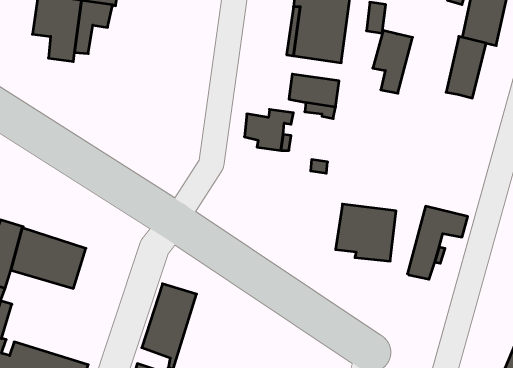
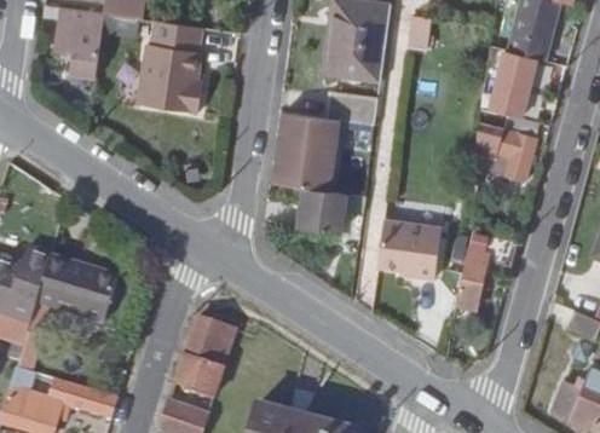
building: none -> [131,18,203,117]
building: [373,31,413,93] -> [497,111,540,178]
building: none -> [300,185,348,231]

